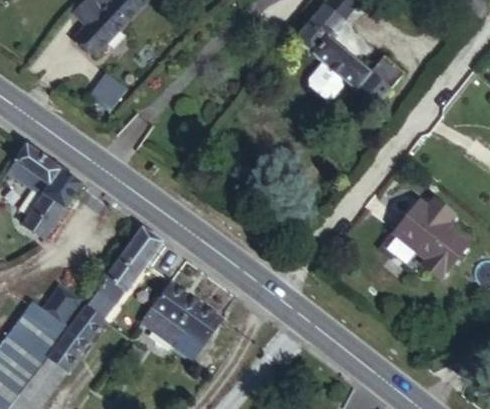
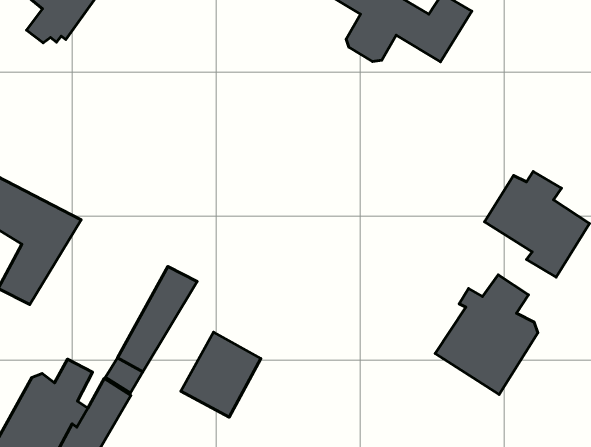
building: [91,71,130,110] -> none
building: none -> [435,275,538,394]
building: [179,304,229,359] -> none

